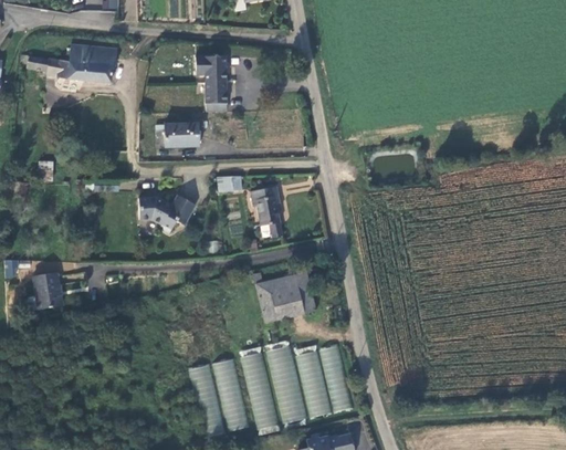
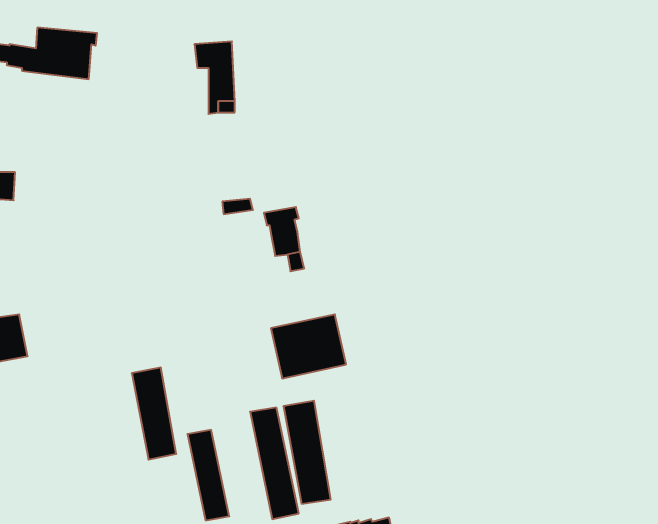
building: [163,122,199,148] -> none
building: [137,196,195,233] -> none
building: [294,344,349,417] -> none
building: [210,358,245,431] -> [132,368,176,460]

